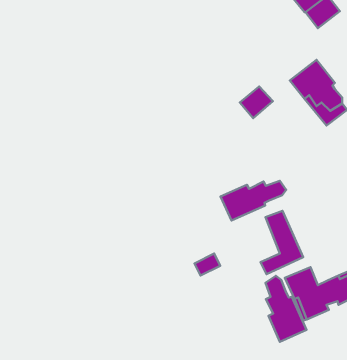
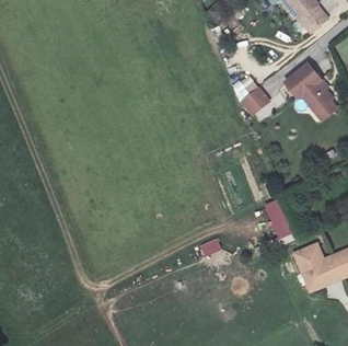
building: [220,181,286,220] -> none
building: [265,276,306,342] -> none

